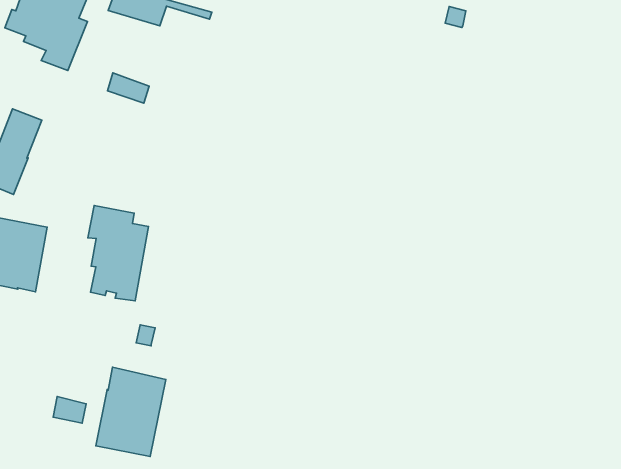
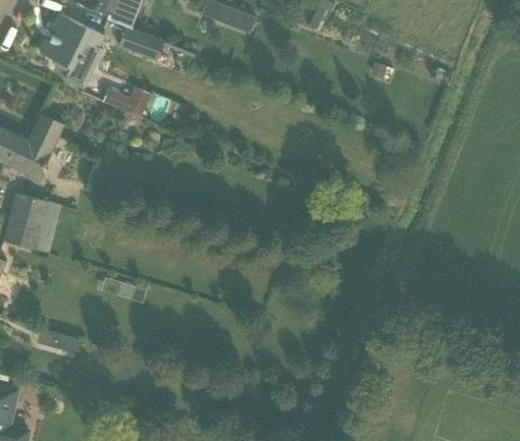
building: [88,206,149,301] -> none
building: [96,367,166,457] -> none

